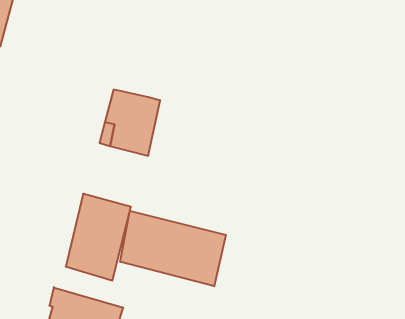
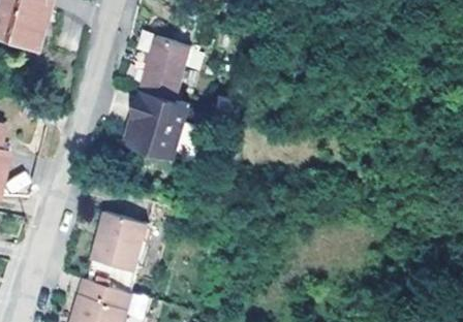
building: none -> [136,33,186,98]
building: [120,211,226,286] -> none

